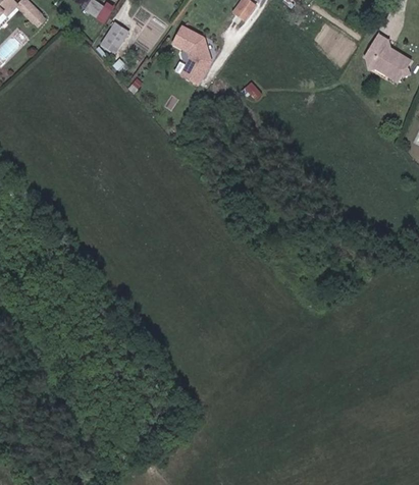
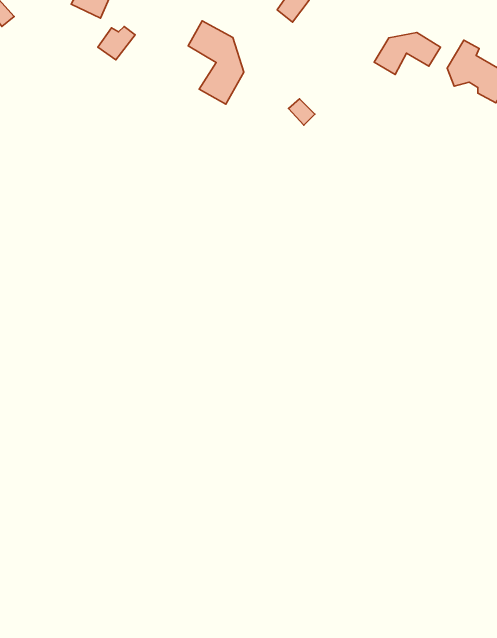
building: none -> [374,32,440,75]

